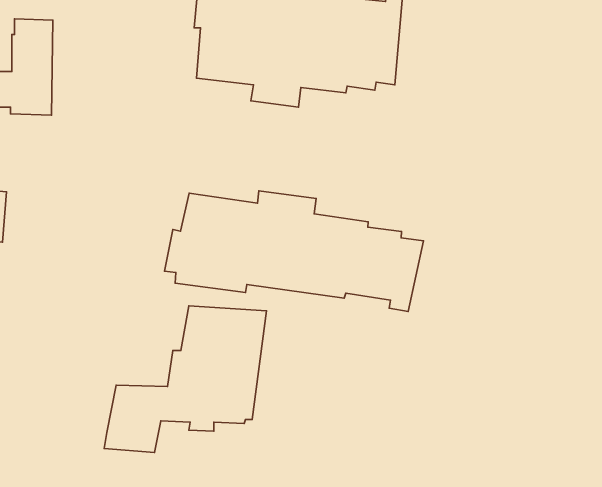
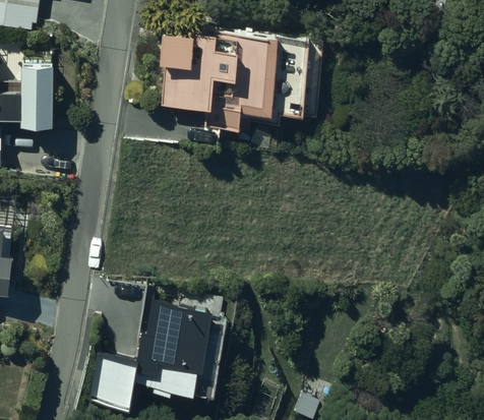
building: [165,191,423,312] -> none

